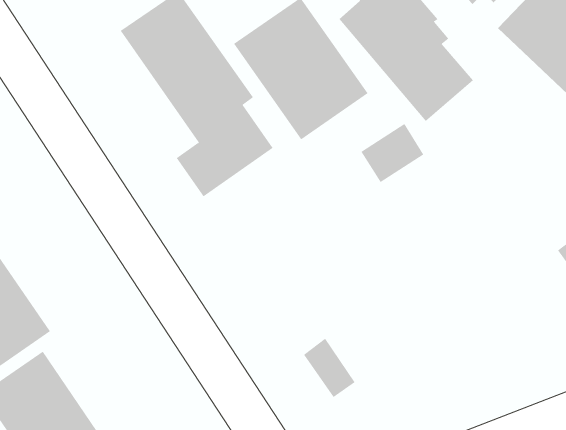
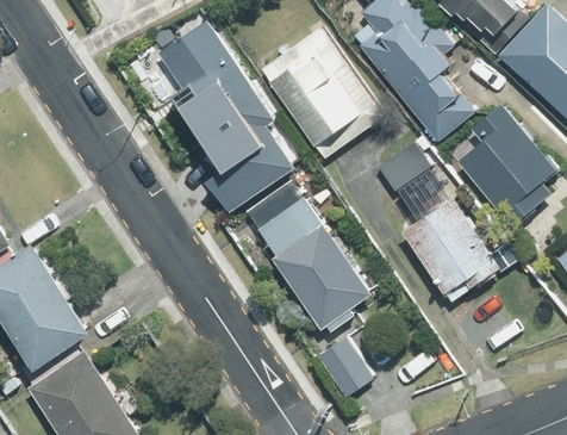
building: none -> [454,104,556,228]
building: none -> [250,189,368,334]
building: none -> [397,192,500,303]

